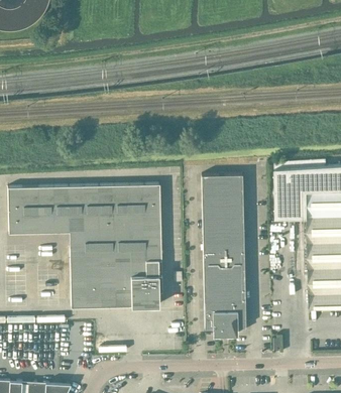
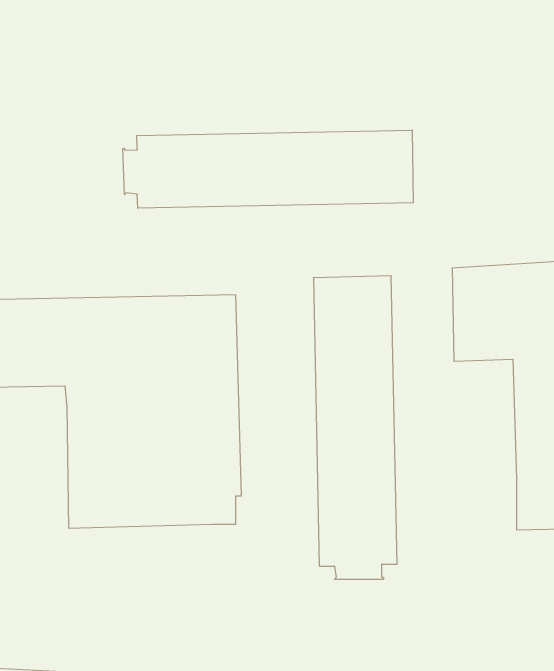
building: none -> [123,130,413,208]

